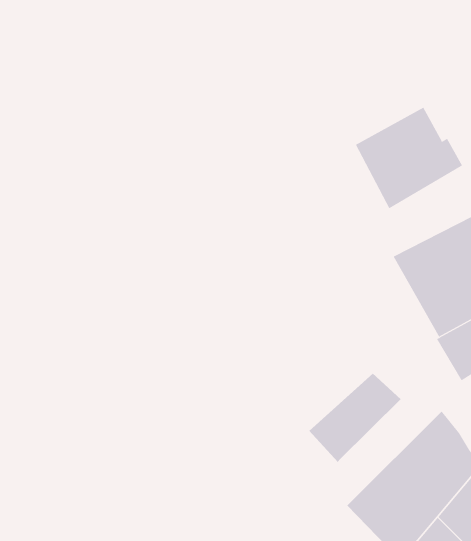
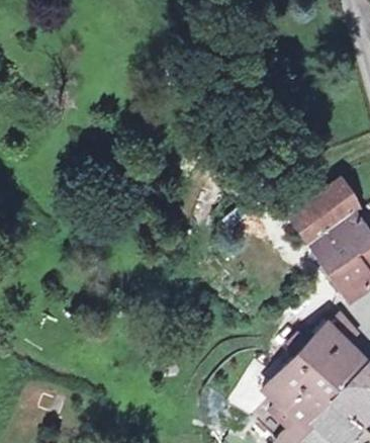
building: [355,107,463,209] -> none
building: [309,373,401,463] -> none

